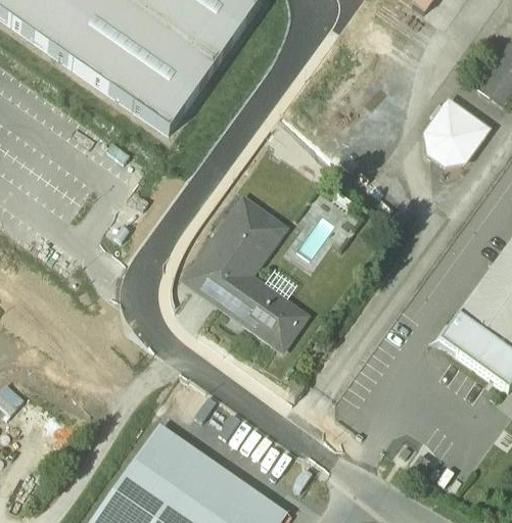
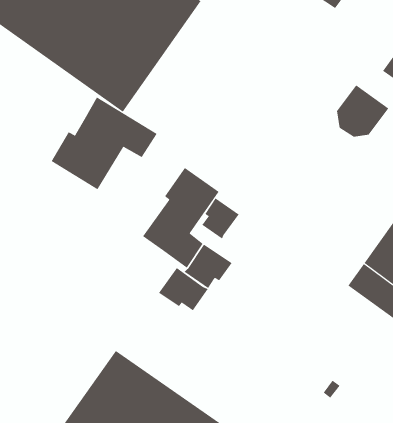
building: none -> [51,96,158,190]
building: none -> [202,198,239,239]
building: none -> [158,267,208,311]

